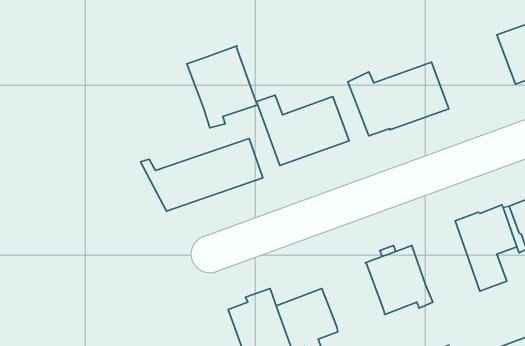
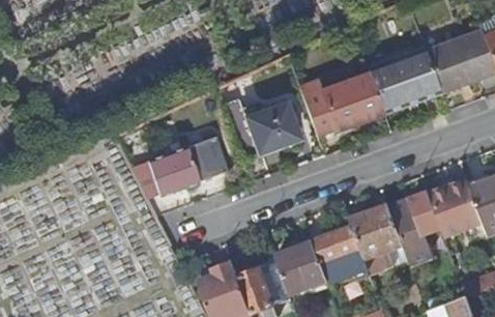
building: none -> [368,48,440,112]
building: [187,46,258,128] -> none
building: none -> [349,203,412,272]
building: none -> [275,241,329,295]

